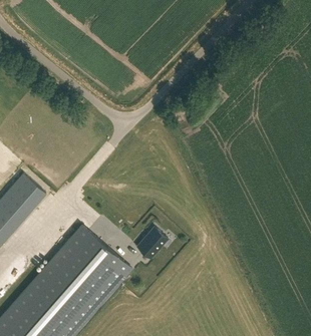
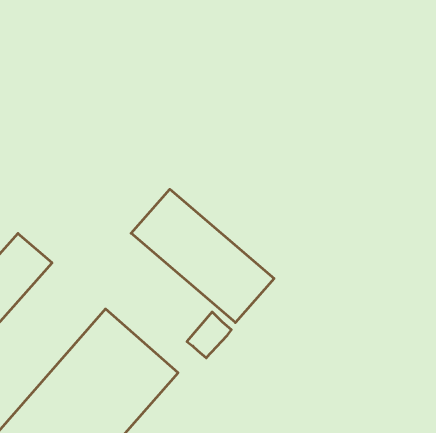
building: none -> [131,189,274,323]

